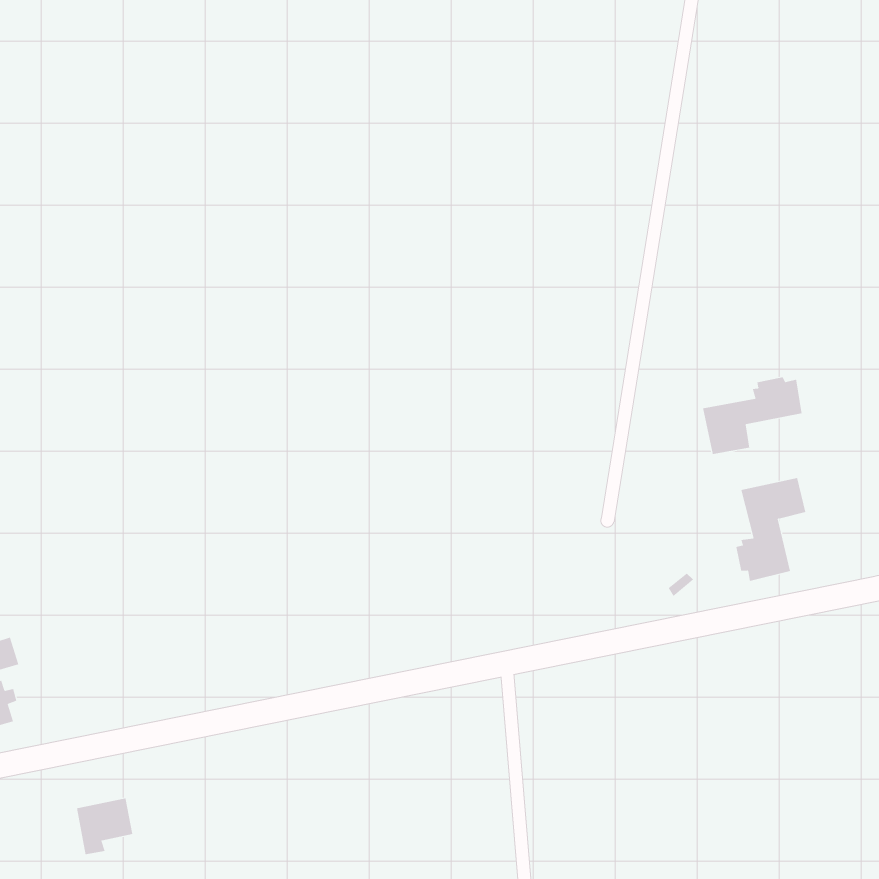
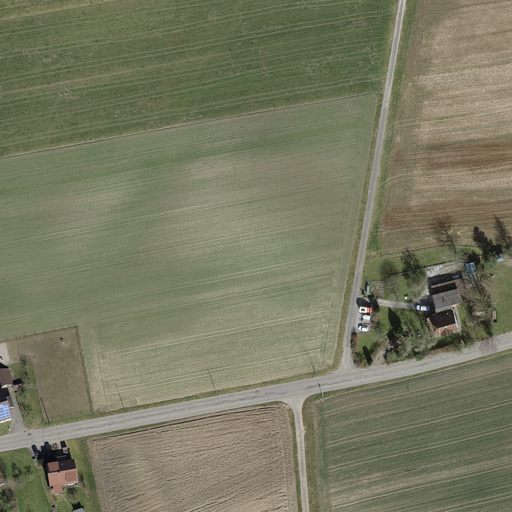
building: [702,376,802,455] -> none

